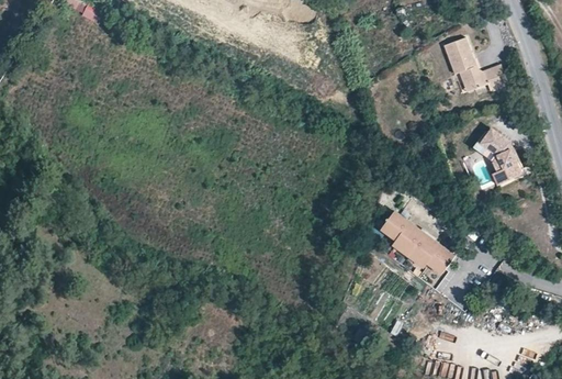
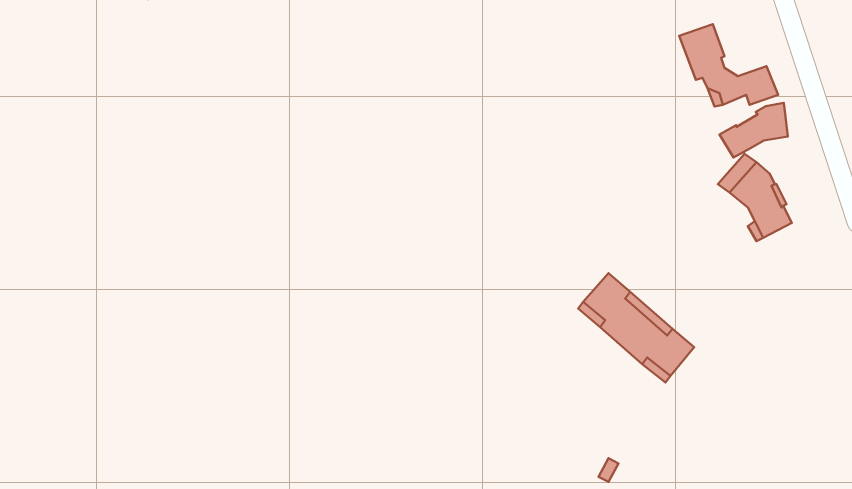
building: none -> [719,103,788,157]

